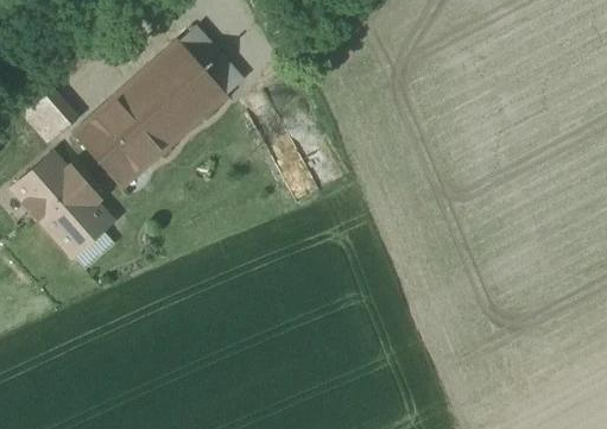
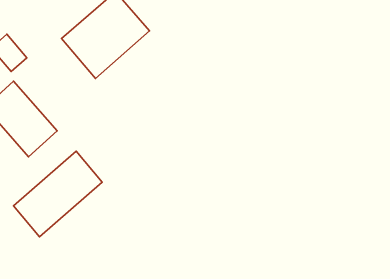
building: [77,93,166,184] -> none
building: none -> [14,151,102,237]

